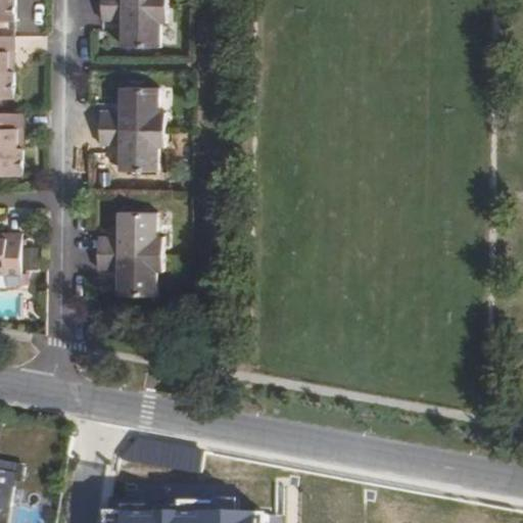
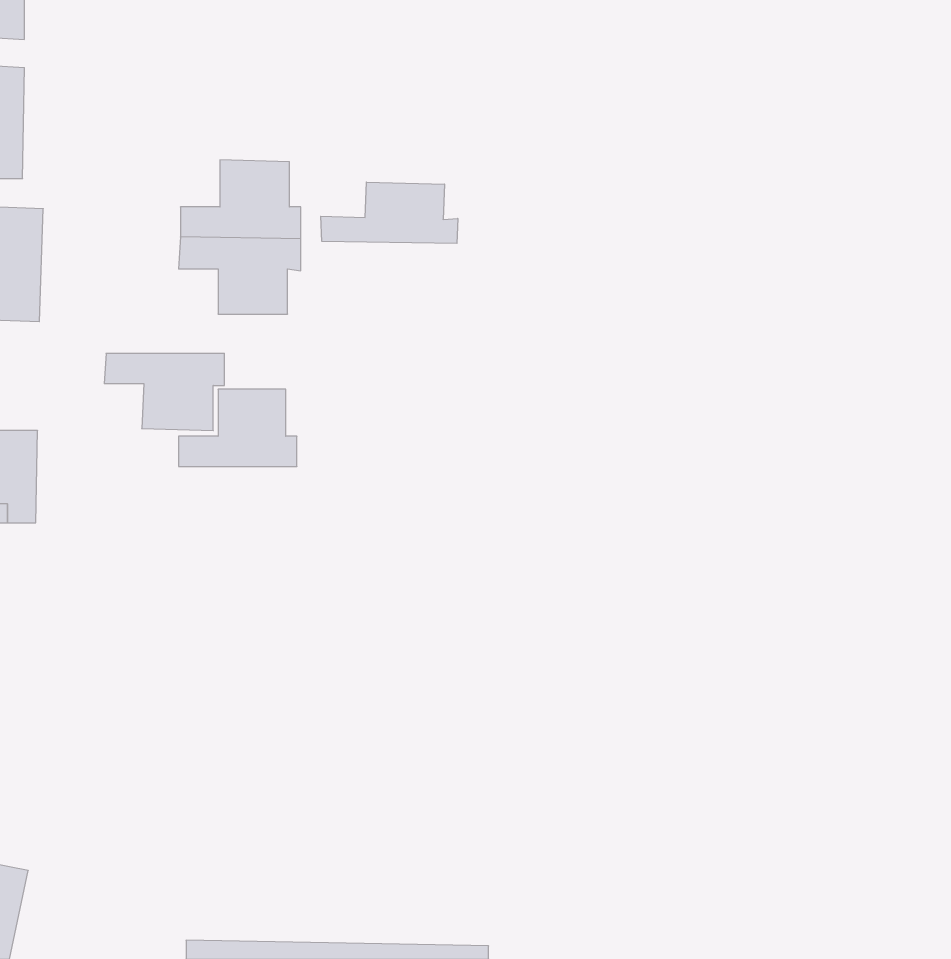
building: [99,4,165,46] -> none
building: none -> [321,182,458,243]
building: [96,253,161,295] -> [104,353,224,431]

